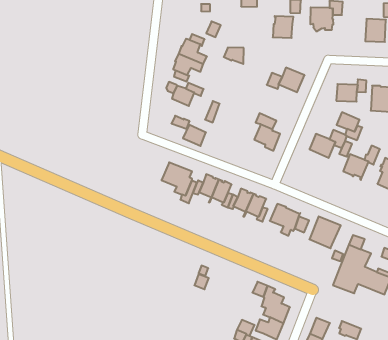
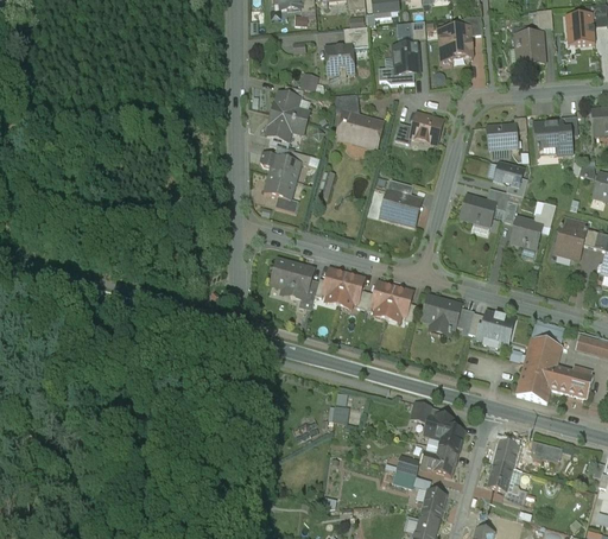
building: none -> [324,45,353,76]
building: none -> [336,113,381,148]
building: [183,125,206,146] -> [264,175,293,201]

